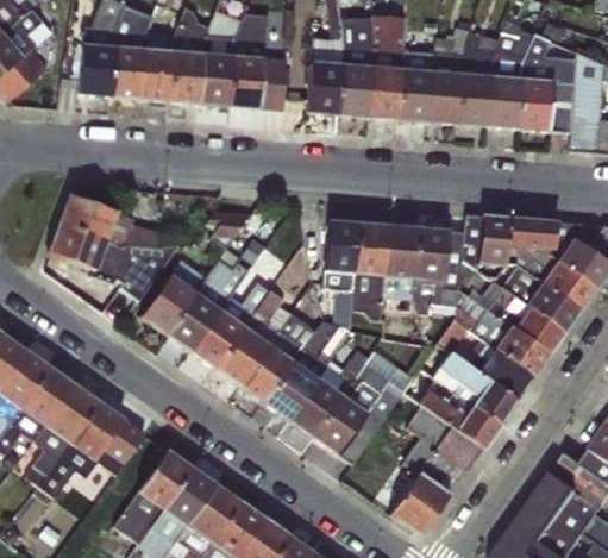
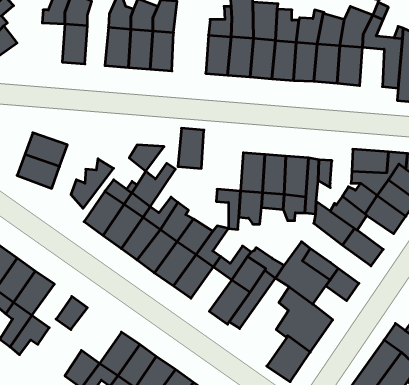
building: [80,44,114,98] -> none
building: [142,48,174,102] -> none
building: [261,57,287,111] -> none
building: [518,77,551,131] -> none
building: [96,211,159,278] -> none
building: [477,214,508,265] -> none
building: [322,219,358,274] -> [178,128,204,168]
building: [514,307,564,353] -> none
building: [477,347,533,400] -> none
building: [287,377,343,438] -> none
building: [69,401,124,460] -> none
building: [453,403,500,450] -> none
building: [137,449,192,509] -> none

